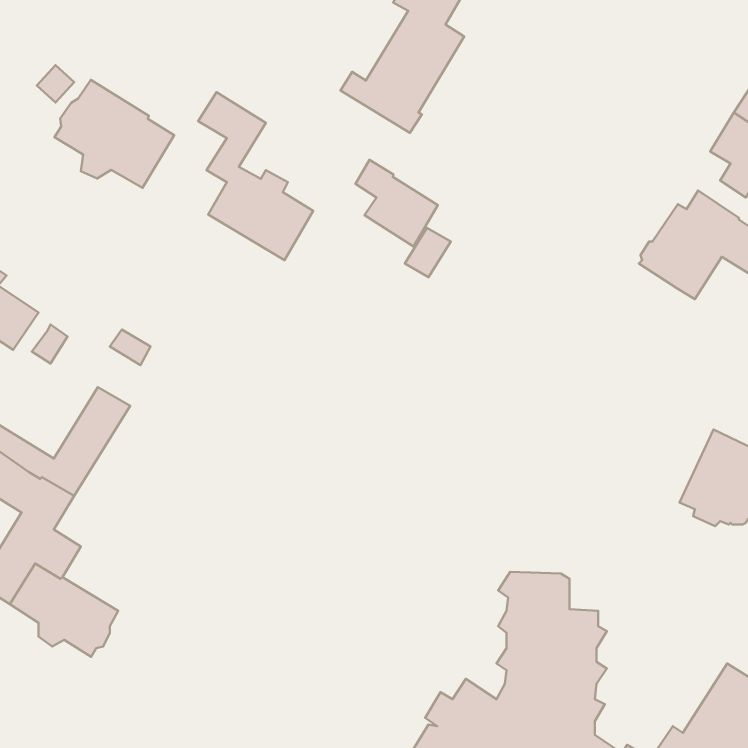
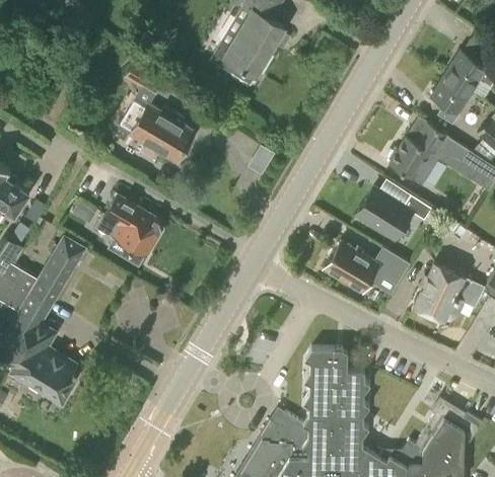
building: [54,80,174,188] -> none
building: [355,160,438,246] -> none
building: none -> [357,189,433,241]
building: none -> [99,196,162,256]
building: none -> [323,239,411,294]

